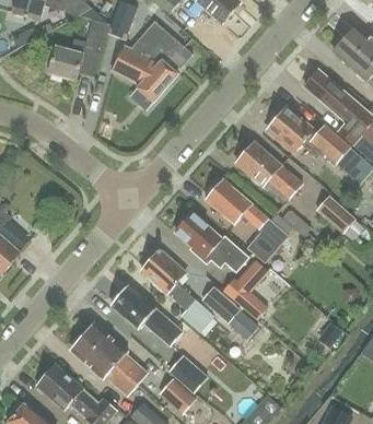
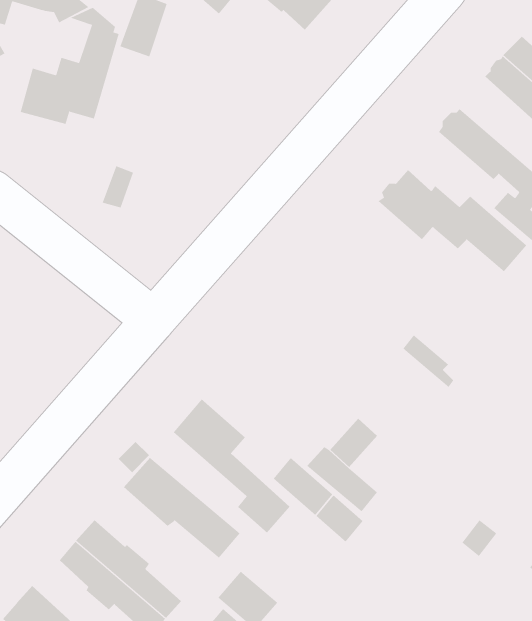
building: [110,21,191,107] -> none
building: [235,142,302,205] -> none
building: [205,178,289,264] -> none
building: [315,196,352,232] -> none
building: [174,212,248,273] -> none

